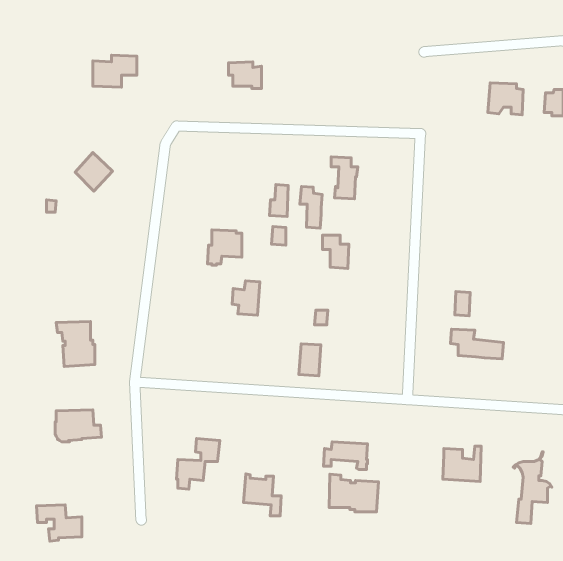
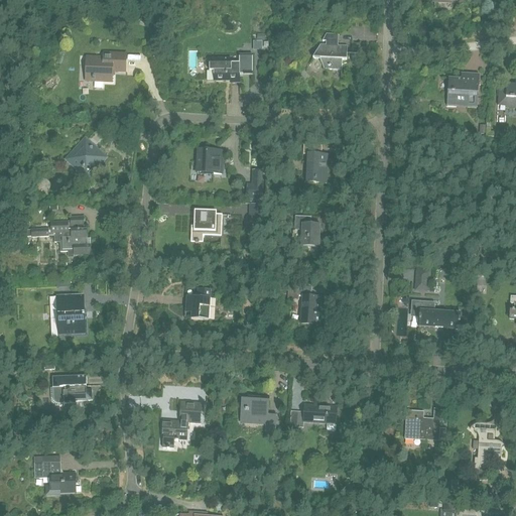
building: none -> [312,31,346,68]
building: none -> [197,147,222,172]
building: [300,186,322,228] -> none
building: none -> [30,214,90,254]
building: [232,281,260,315] -> [184,287,210,318]
building: [299,344,321,376] -> [300,294,320,324]
building: [244,474,281,516] -> [240,392,274,430]
building: [329,474,378,512] -> none

